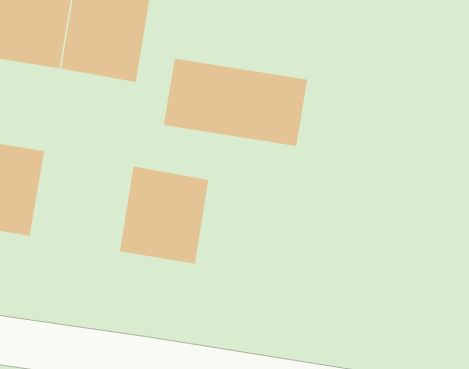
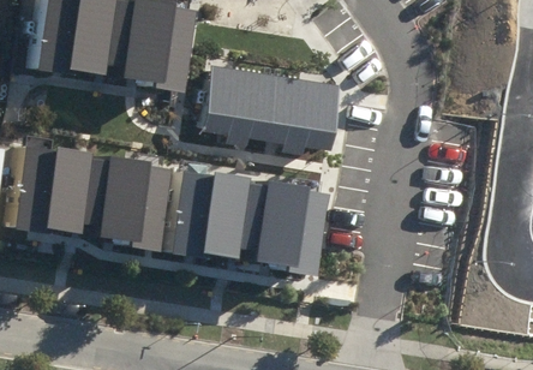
building: none -> [79,154,167,249]
building: none -> [238,181,324,276]

